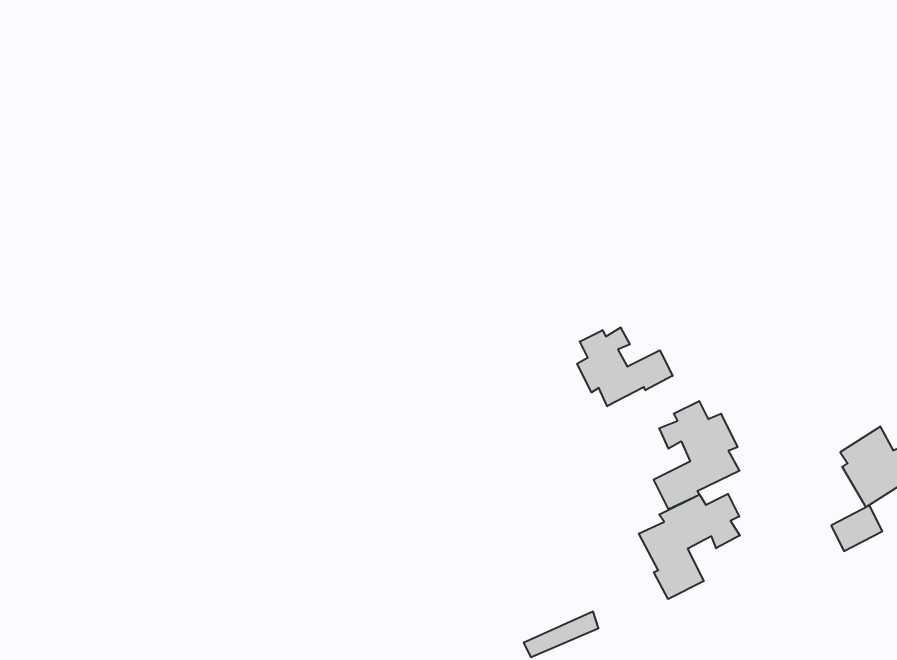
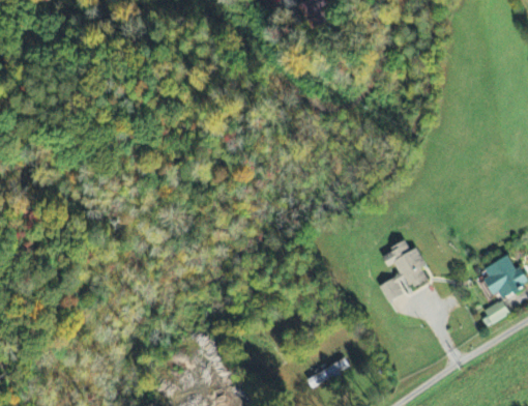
building: [577,327,673,406] -> none
building: [639,494,740,599] -> none

